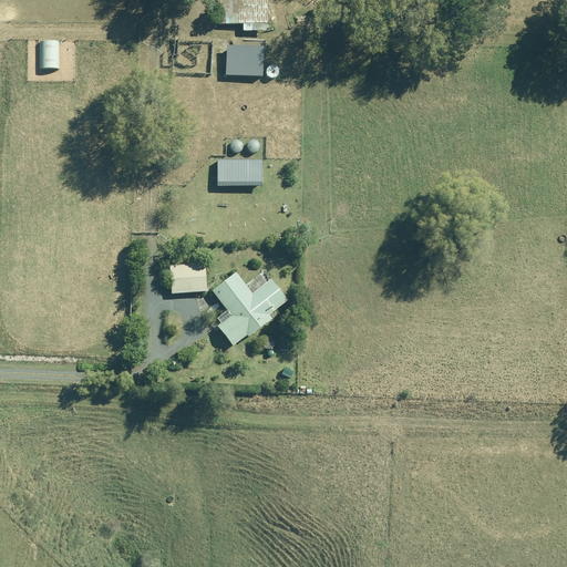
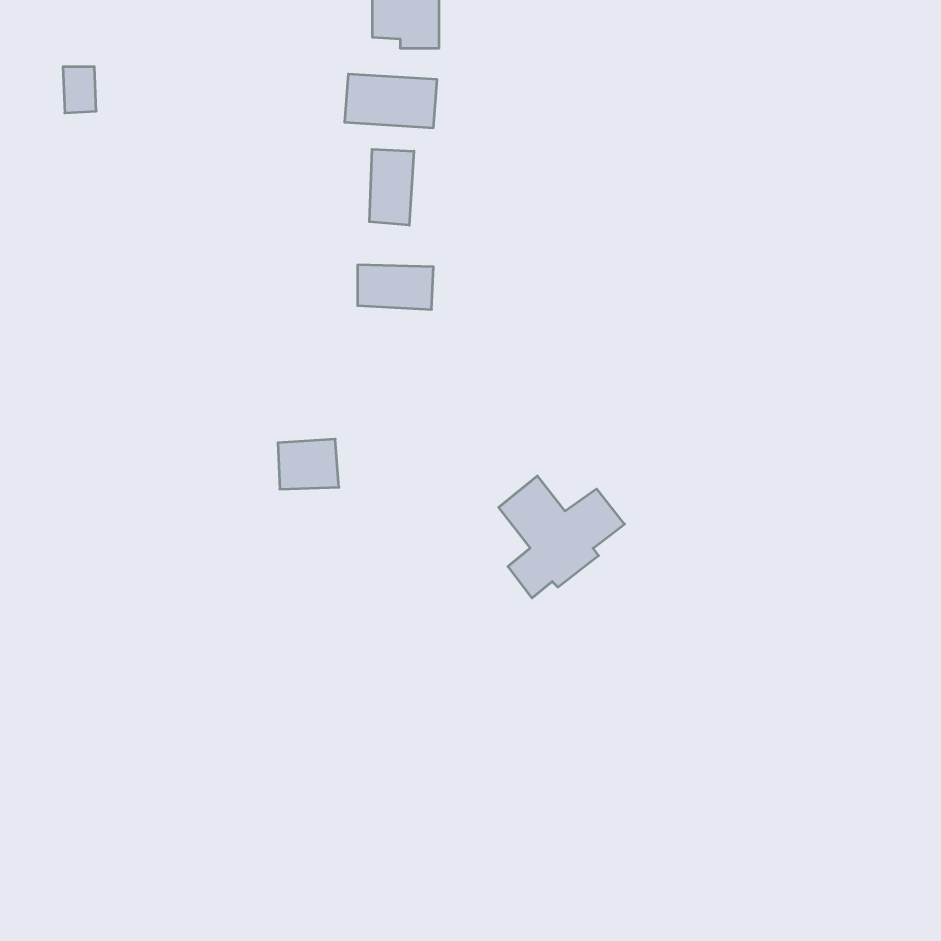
building: none -> [369,149,414,225]
building: [212,271,287,344] -> [499,476,625,598]

